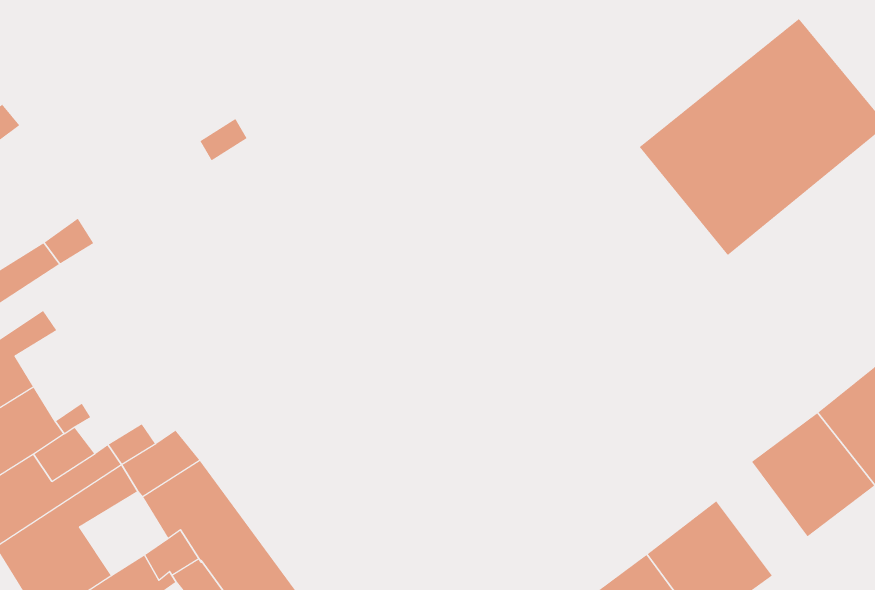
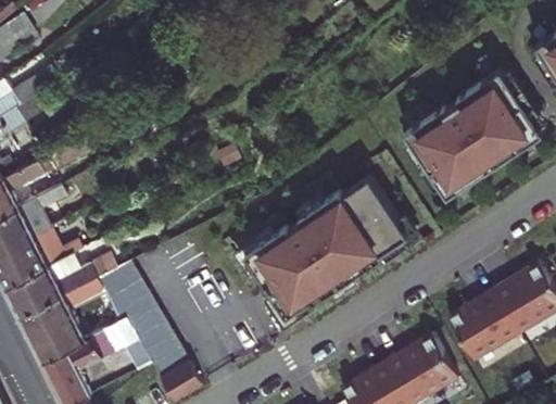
building: none -> [233,176,419,321]

